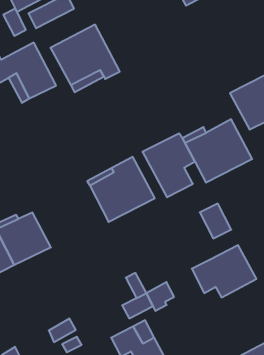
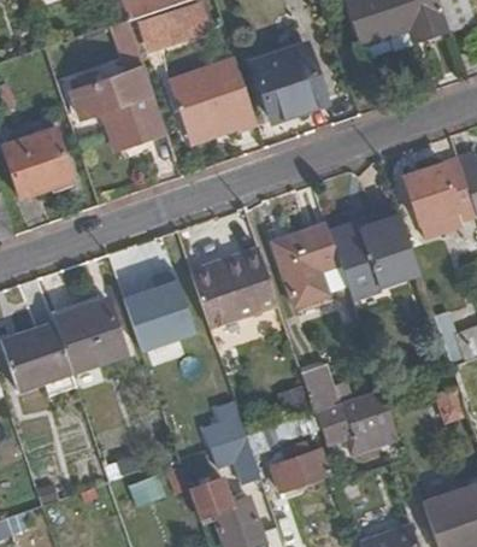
building: none -> [253,49,325,123]
building: none -> [119,272,194,347]
building: [200,204,231,238] -> [301,365,341,412]
building: none -> [272,449,328,492]

